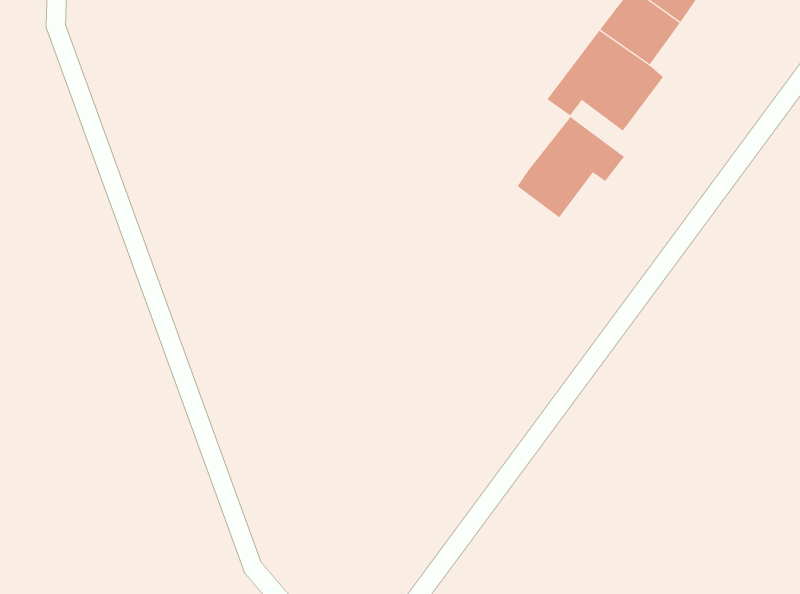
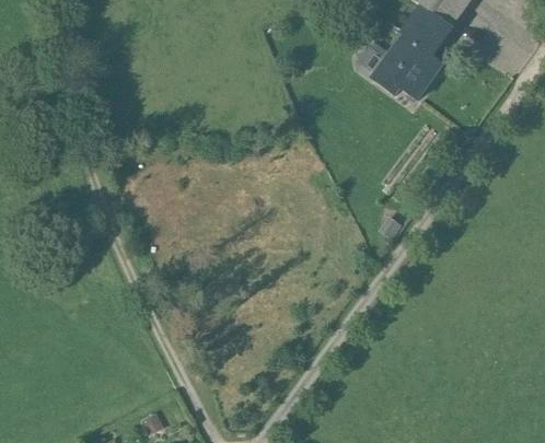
building: [517,116,625,218] -> none

